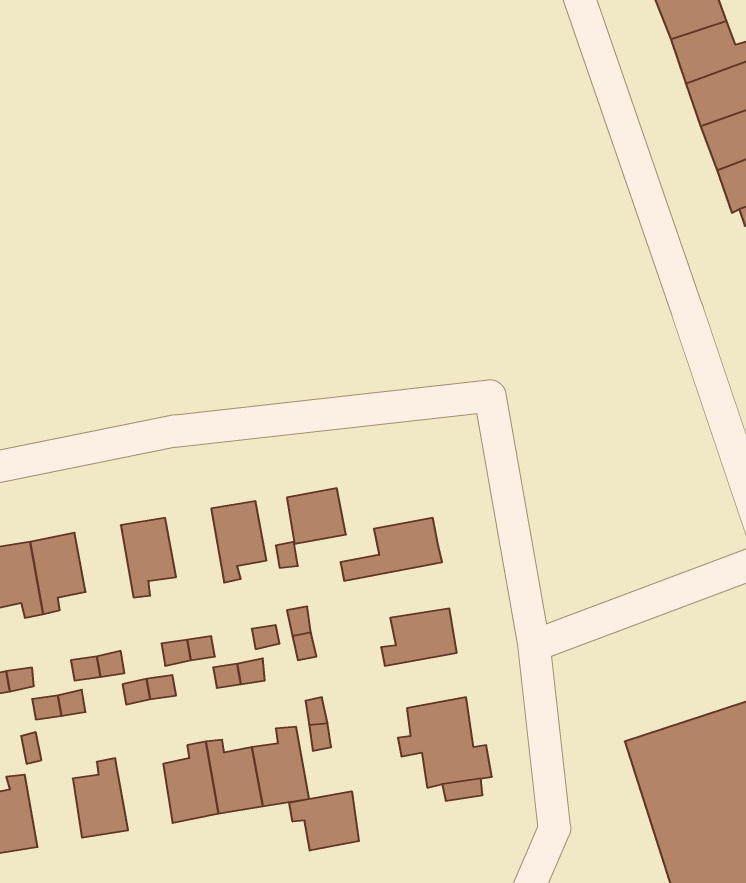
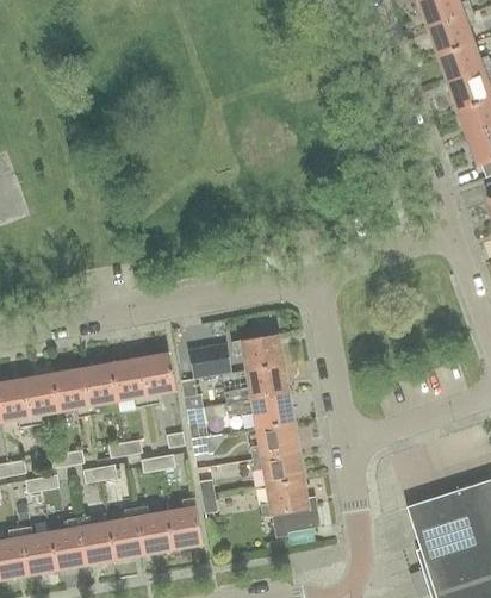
building: none -> [232,332,284,369]
building: none -> [111,356,149,405]
building: none -> [52,367,91,416]
building: none -> [226,391,294,426]
building: none -> [253,449,305,485]
building: none -> [79,515,116,563]
building: none -> [20,525,57,574]
building: [289,791,359,851] -> none

